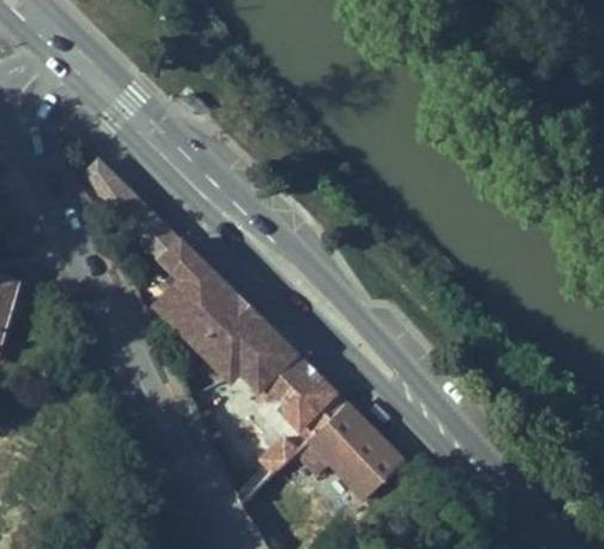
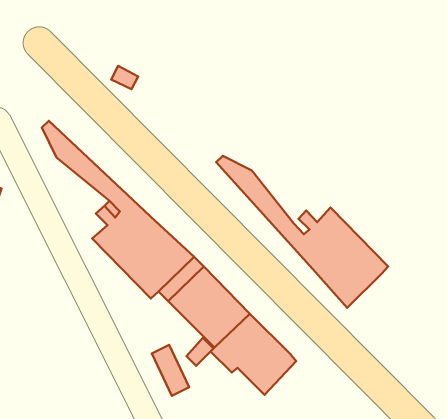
building: none -> [216,156,388,308]

